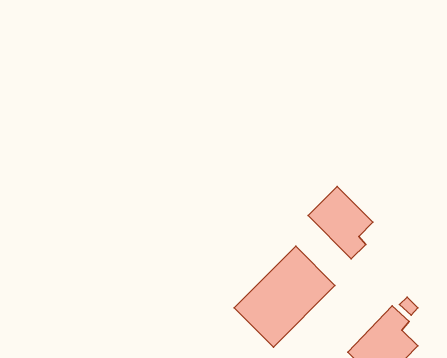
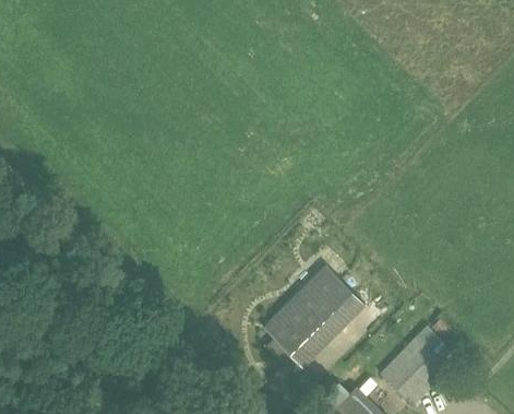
building: [308,187,373,259] -> none

